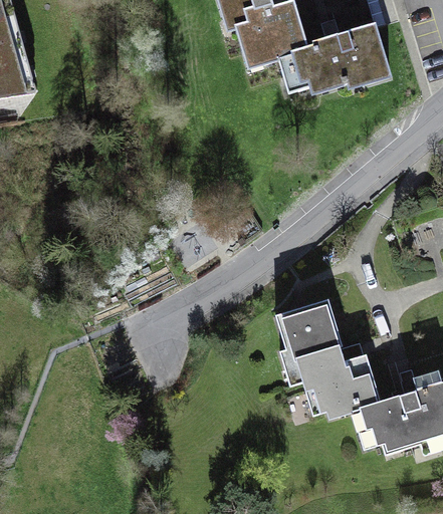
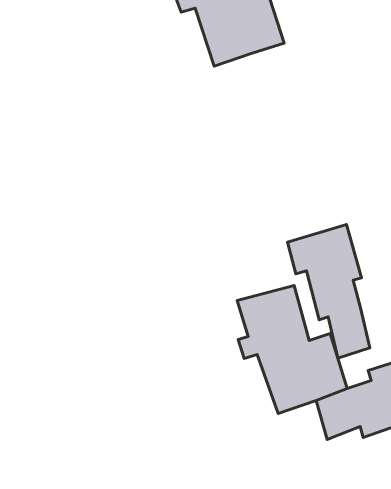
building: [287,18,407,100] -> none
building: none -> [287,225,370,358]

